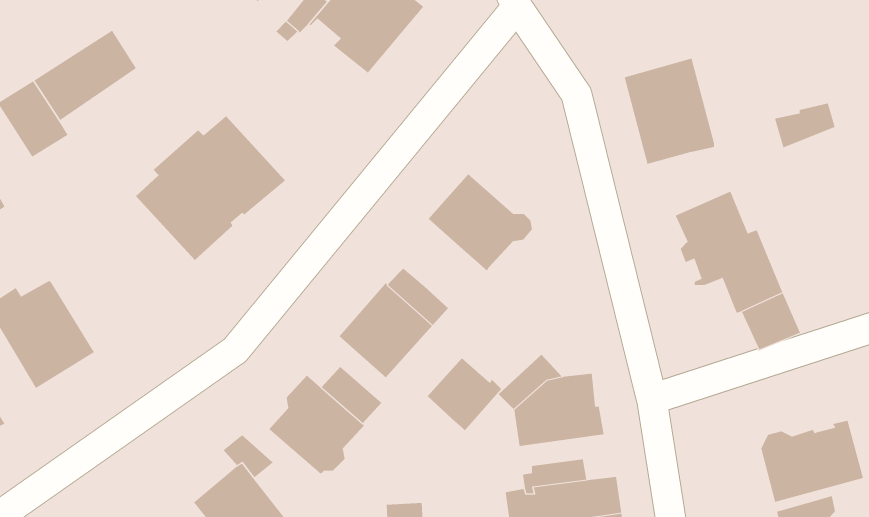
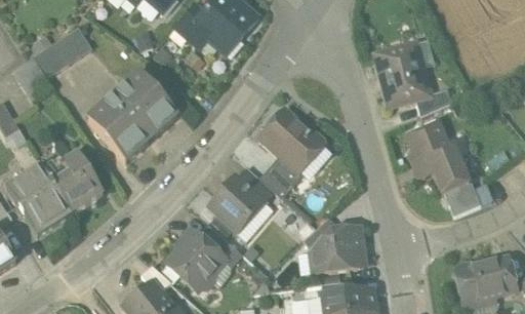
building: [774,103,835,148] -> [415,89,451,116]
building: none -> [42,155,102,217]
building: [427,358,502,431] -> [259,154,304,197]

